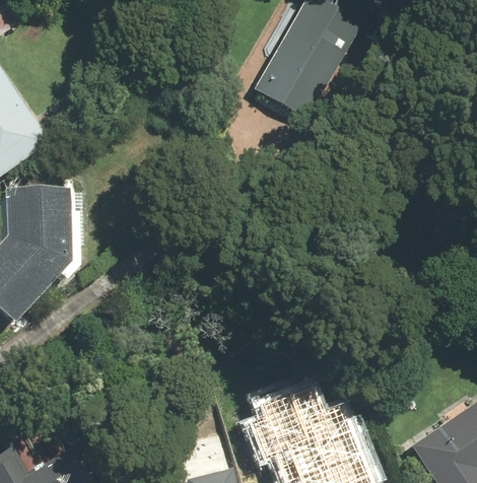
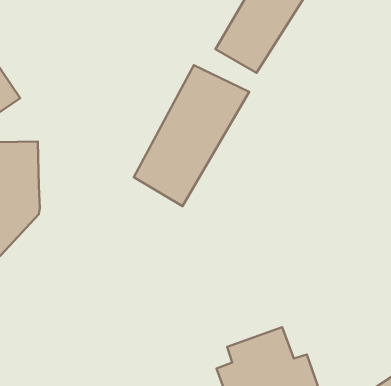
building: none -> [134,65,249,206]

